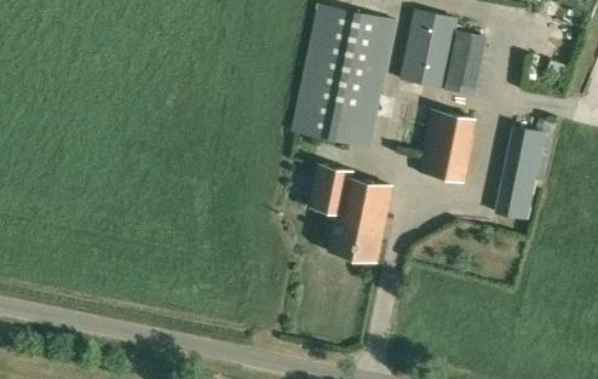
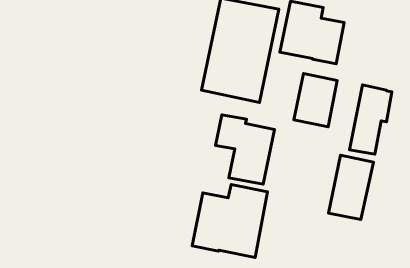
building: none -> [329,155,373,219]
building: none -> [192,185,267,257]

